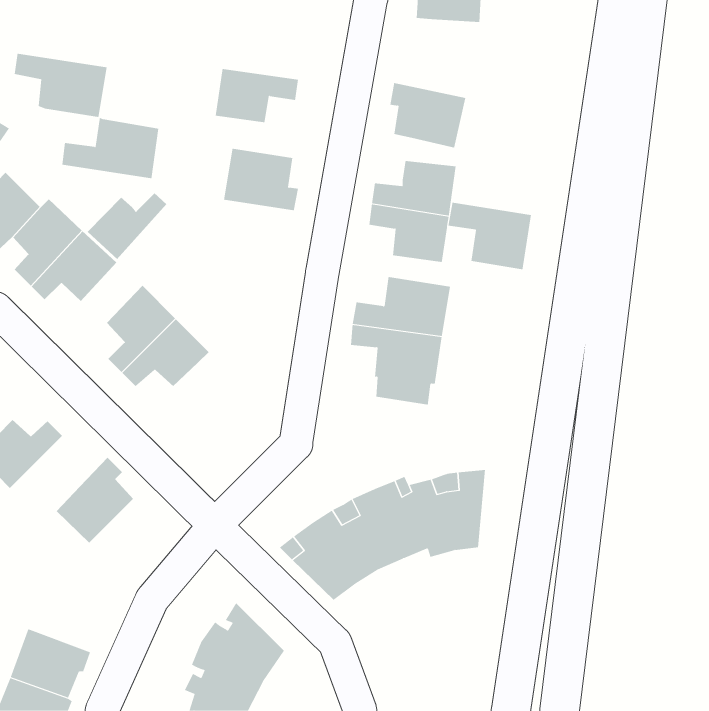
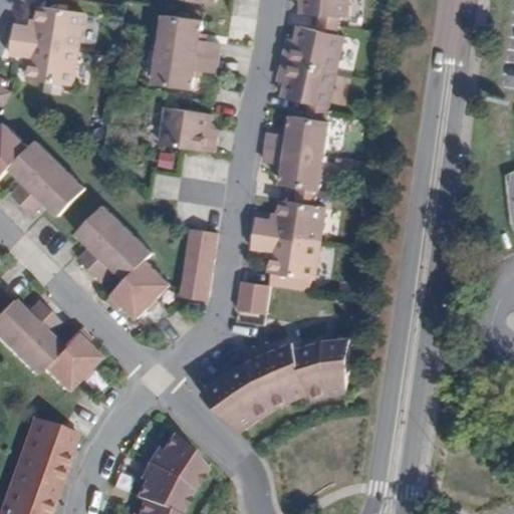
building: none -> [160,14,217,57]
building: none -> [283,25,342,70]
building: [61,117,159,179] -> [12,4,82,48]
building: [87,192,167,260] -> none
building: [448,202,532,270] -> none
building: none -> [181,229,217,298]
building: none -> [105,261,168,318]
building: none -> [236,281,268,314]
building: none -> [7,313,57,375]
building: none -> [20,418,74,469]

